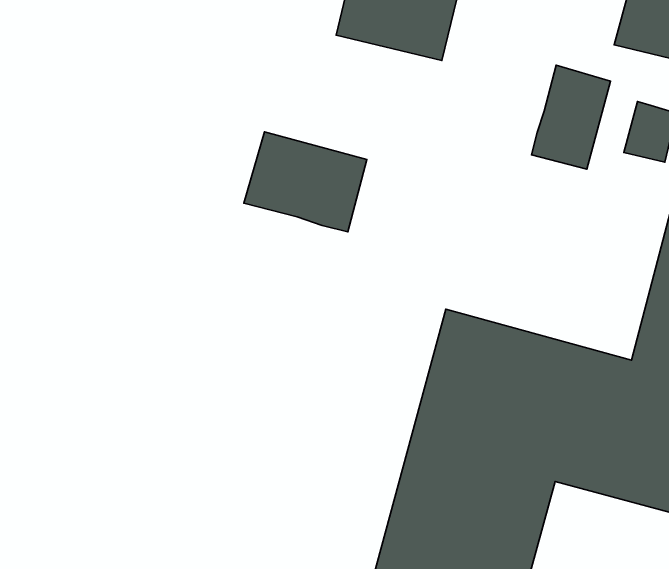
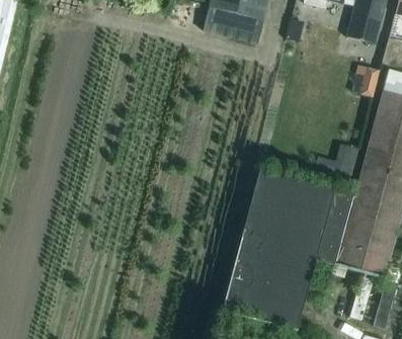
building: [532,65,610,169] -> none
building: [244,132,367,232] -> none

